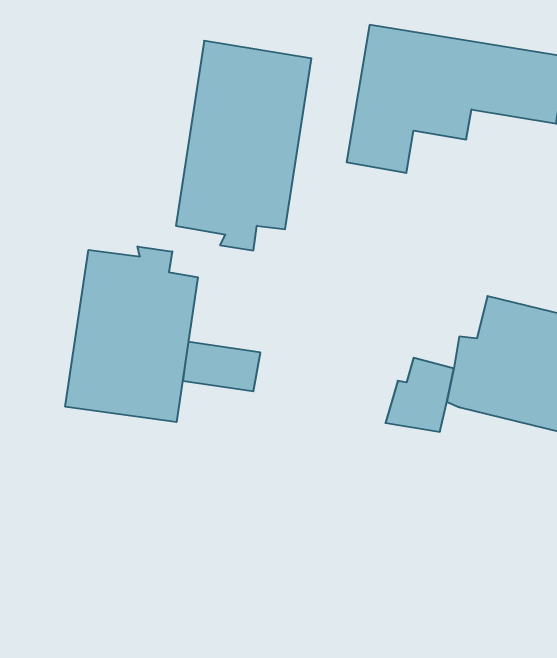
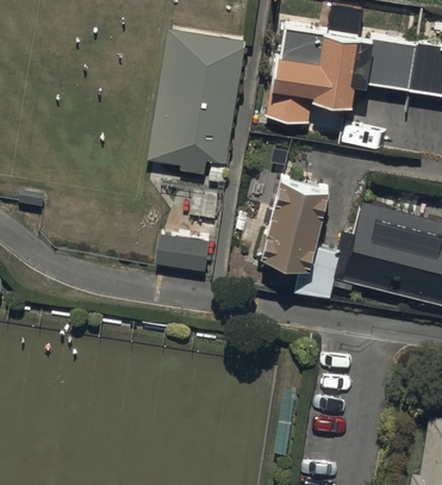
building: [65,246,198,422] -> none
building: none -> [262,179,328,266]

